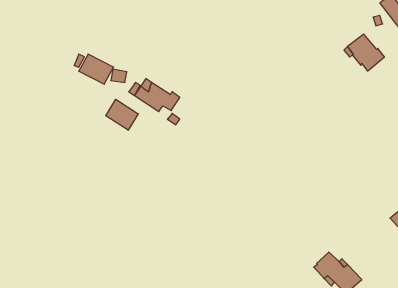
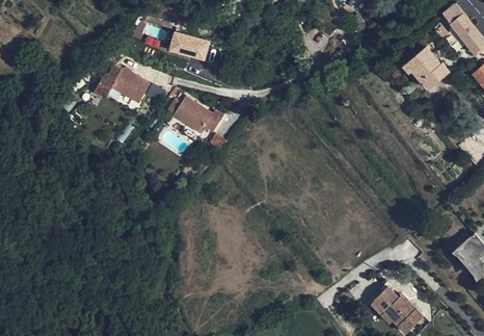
building: none -> [168,32,211,62]
building: [106,99,138,130] -> none

